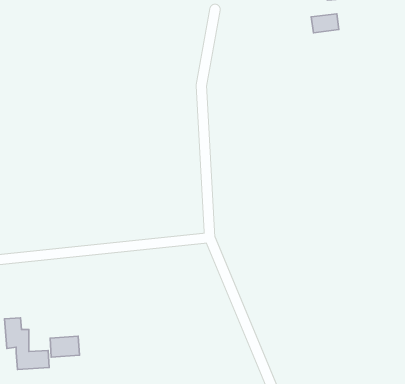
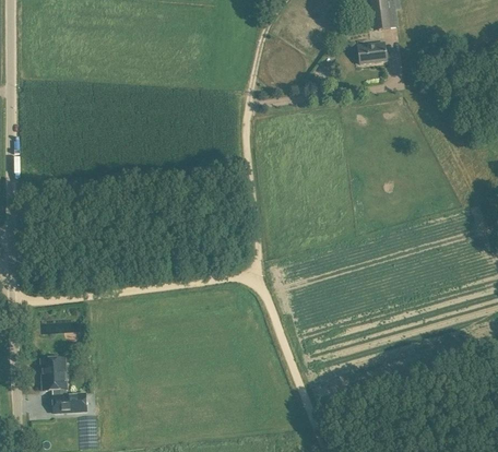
building: [50,336,79,357] -> none

